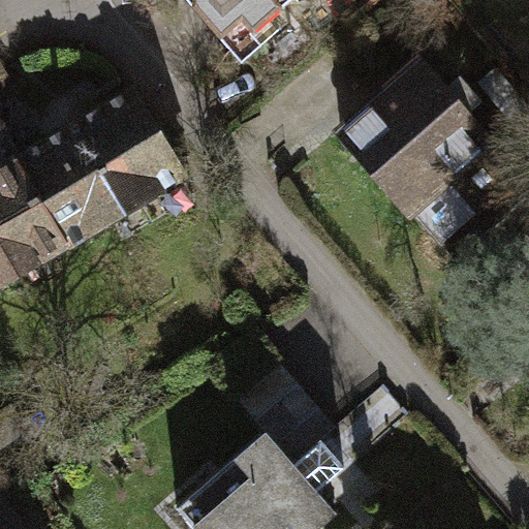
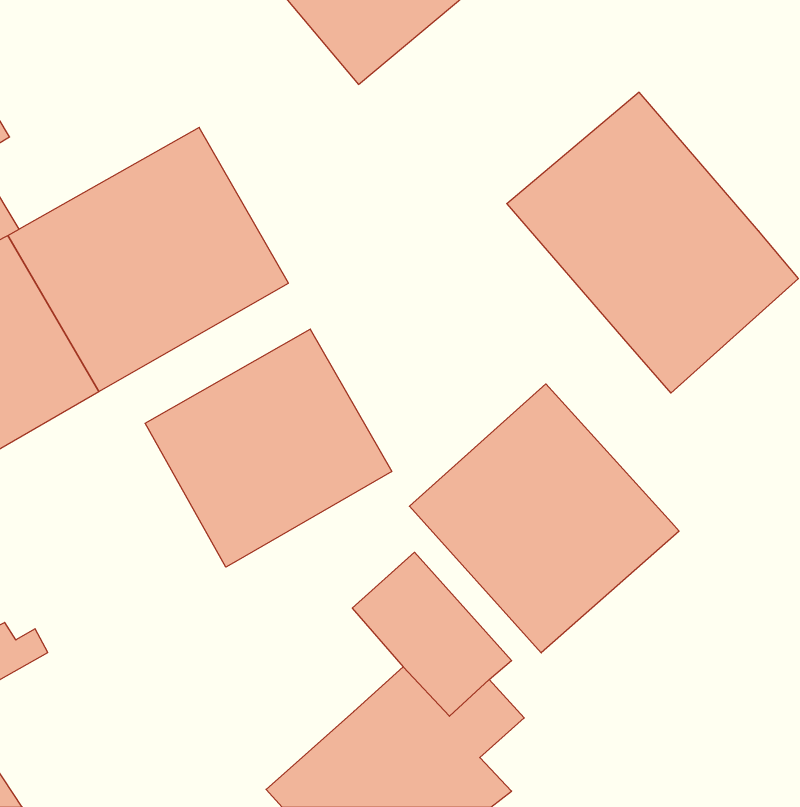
building: none -> [145,329,392,567]
building: none -> [409,384,679,653]

